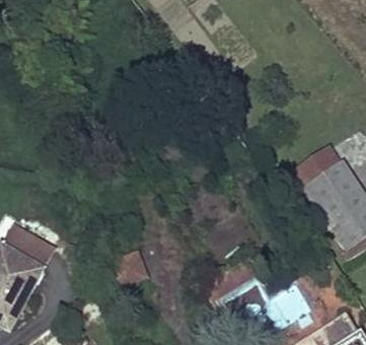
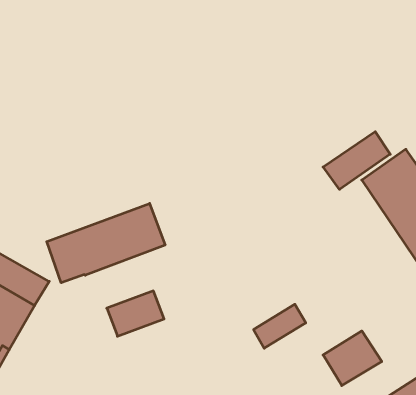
building: none -> [323,132,390,189]
building: none -> [47,203,165,283]

